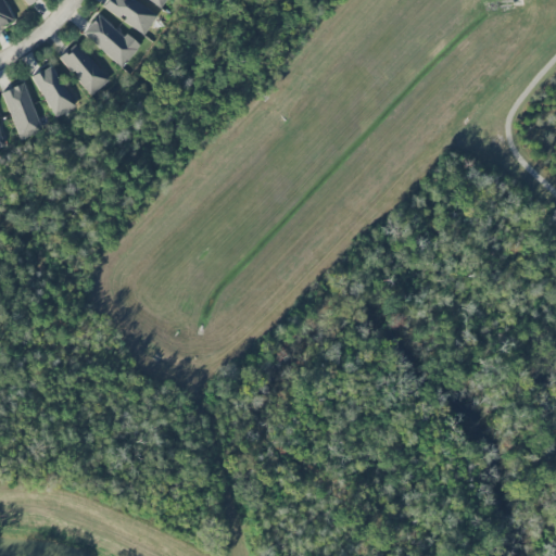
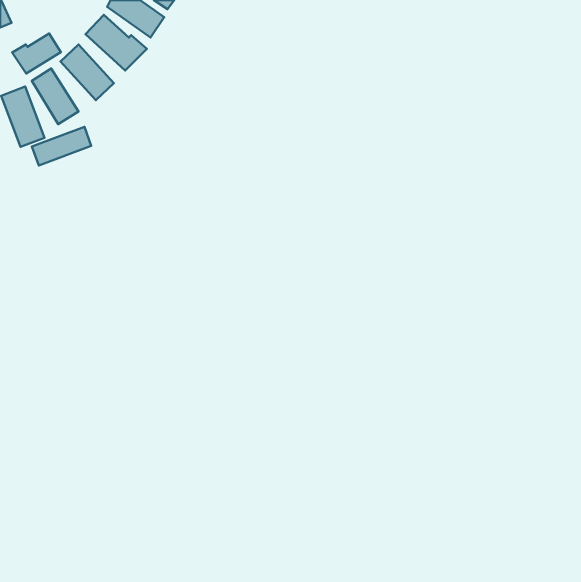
building: none -> [12,34,61,73]
building: none -> [32,127,91,166]

